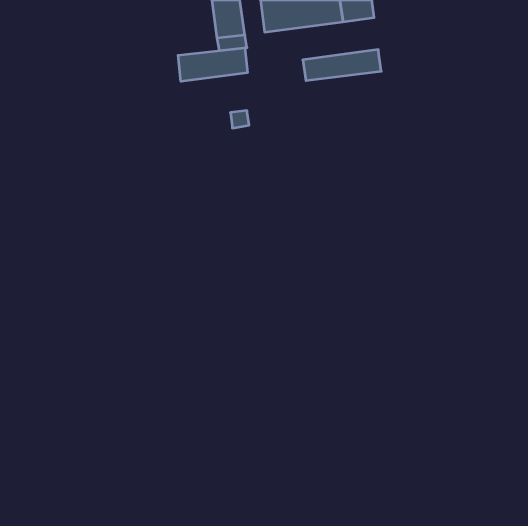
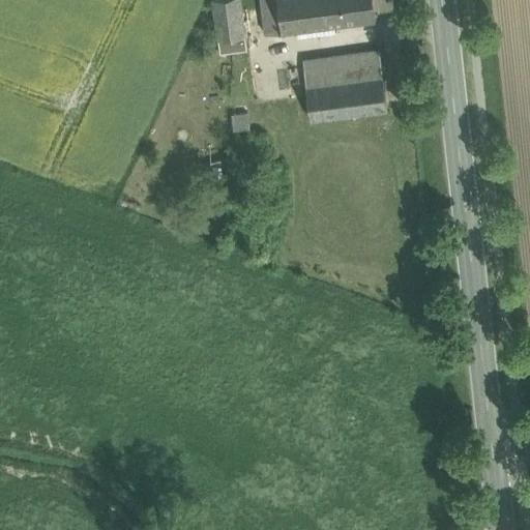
building: [178,48,247,81] -> none
building: none -> [306,73,387,120]

